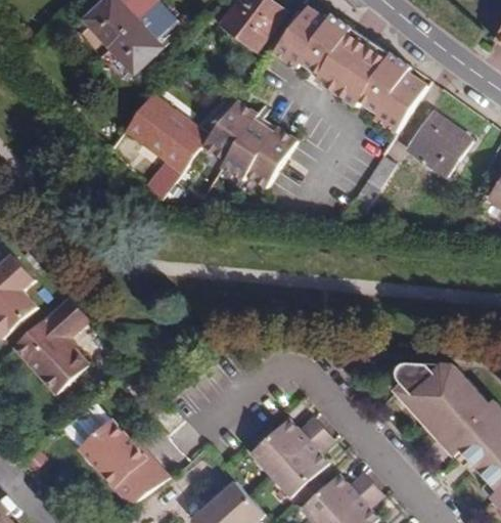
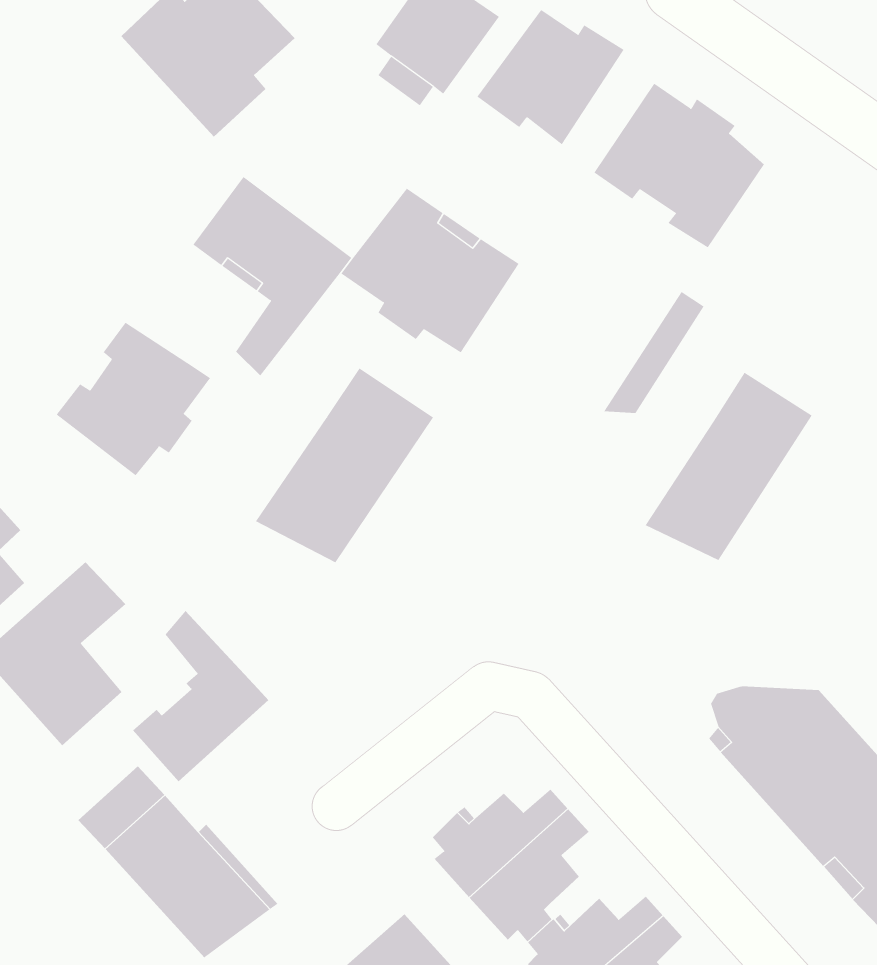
building: [317,34,367,92] -> none
building: [405,112,471,176] -> none
building: none -> [56,322,211,476]
building: none -> [255,367,434,563]
building: none -> [645,372,812,561]
building: none -> [132,610,269,782]

